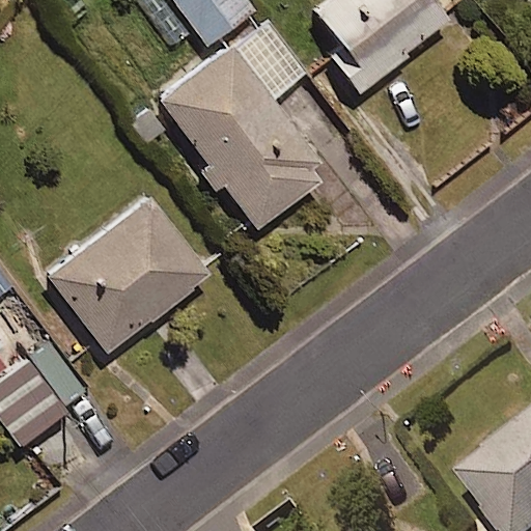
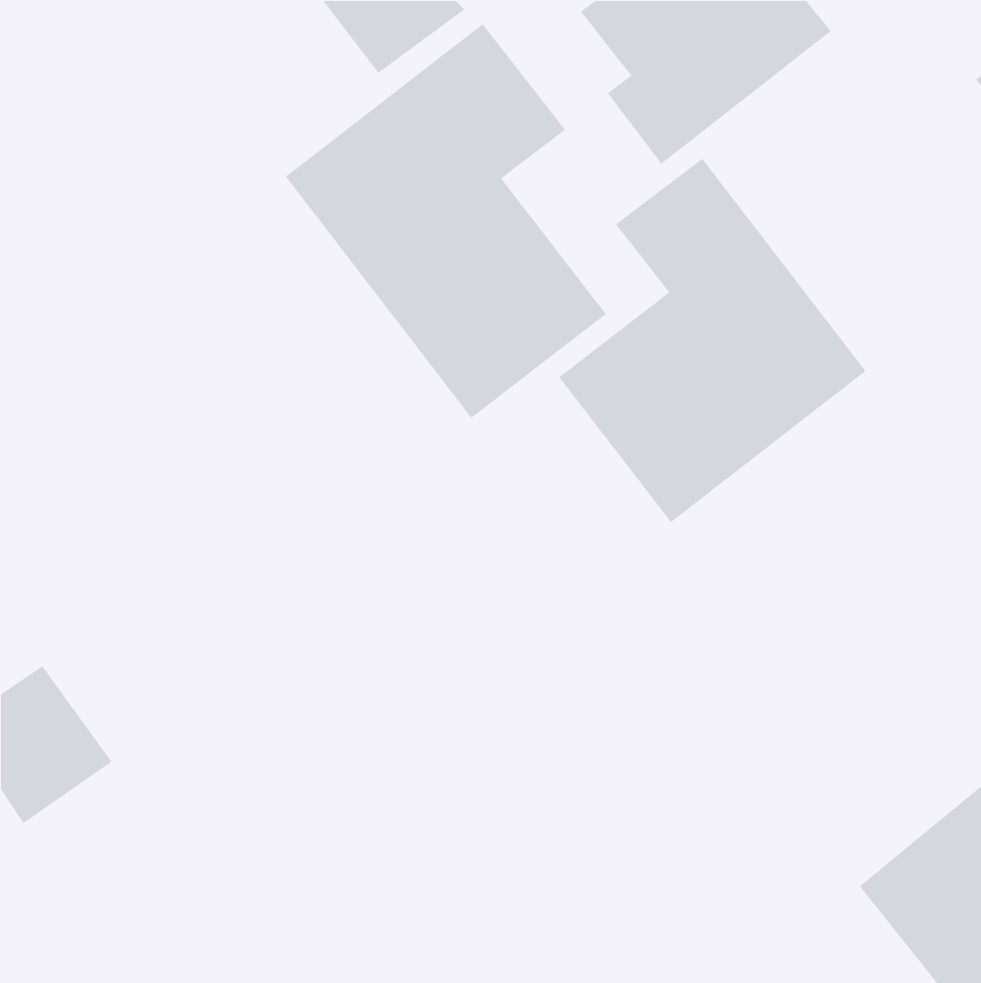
building: none -> [558,158,867,523]
building: [45,196,209,355] -> none

